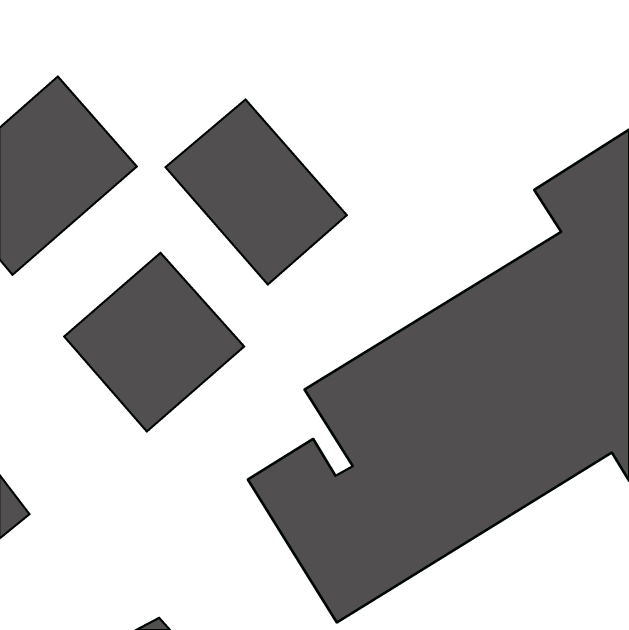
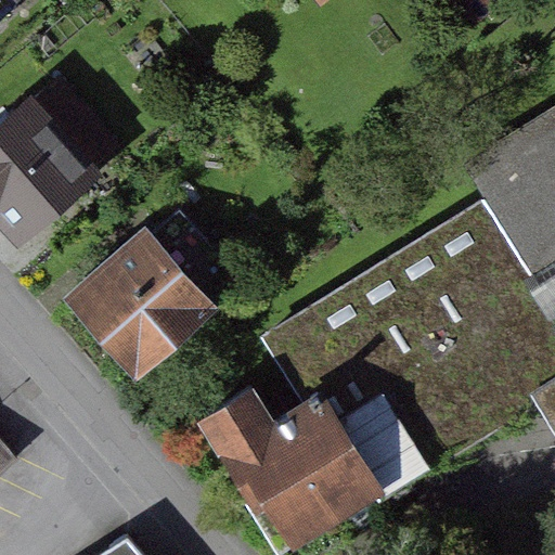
building: [165,99,347,284] -> none

